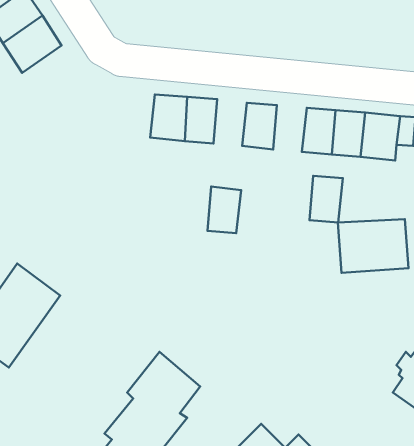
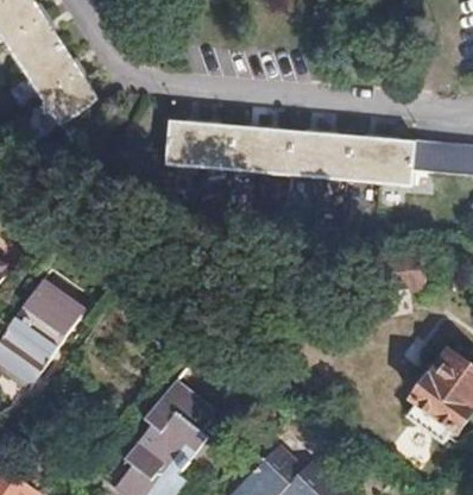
building: none -> [40,71,97,125]
building: [309,176,343,223] -> [290,131,323,177]
building: [208,186,241,233] -> [231,125,264,171]

